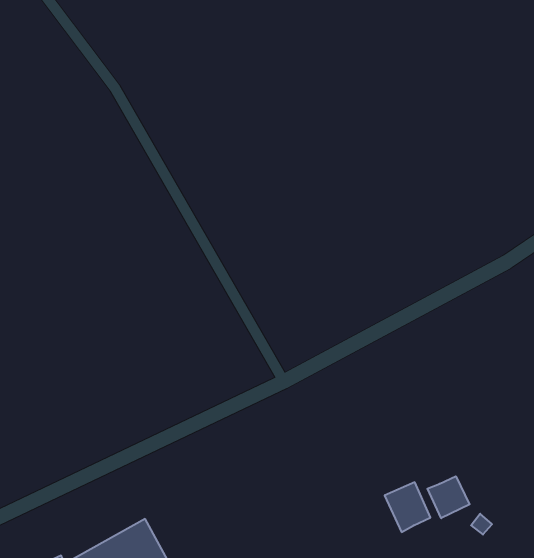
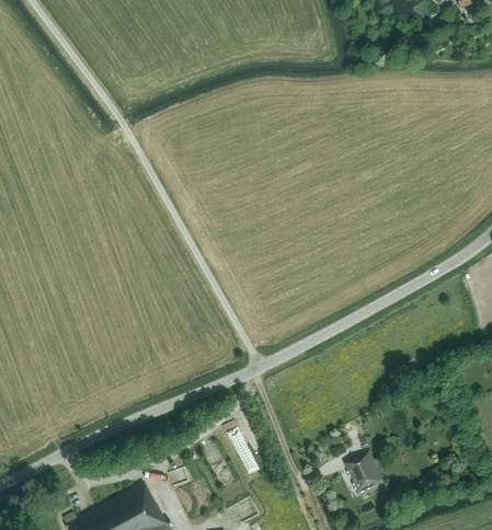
building: [427,476,470,518] -> none

